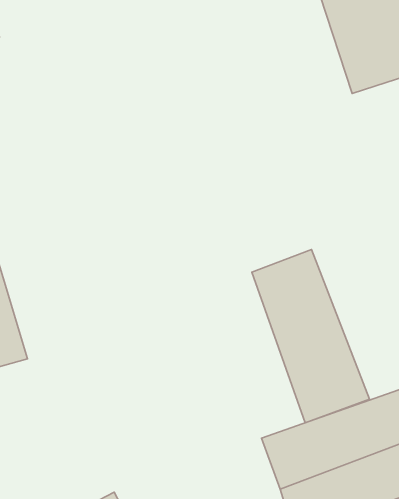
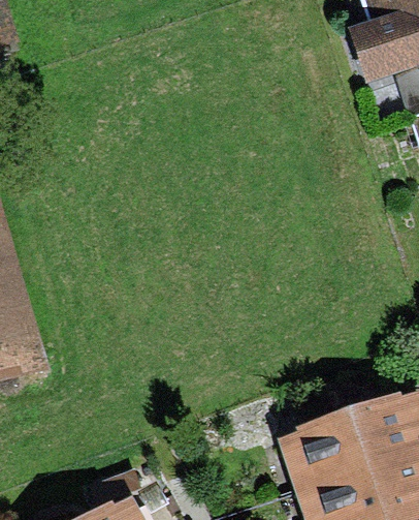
building: [252,249,370,423] -> none

